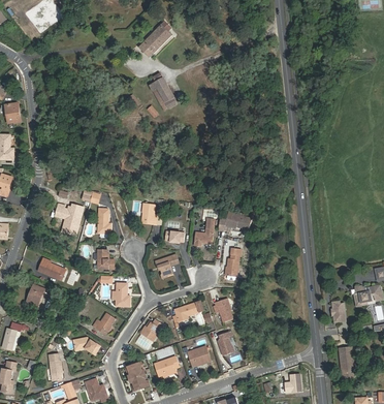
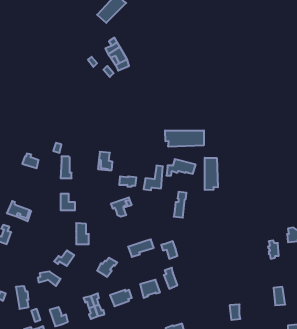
building: none -> [165,130,204,147]
building: none -> [205,158,218,190]

